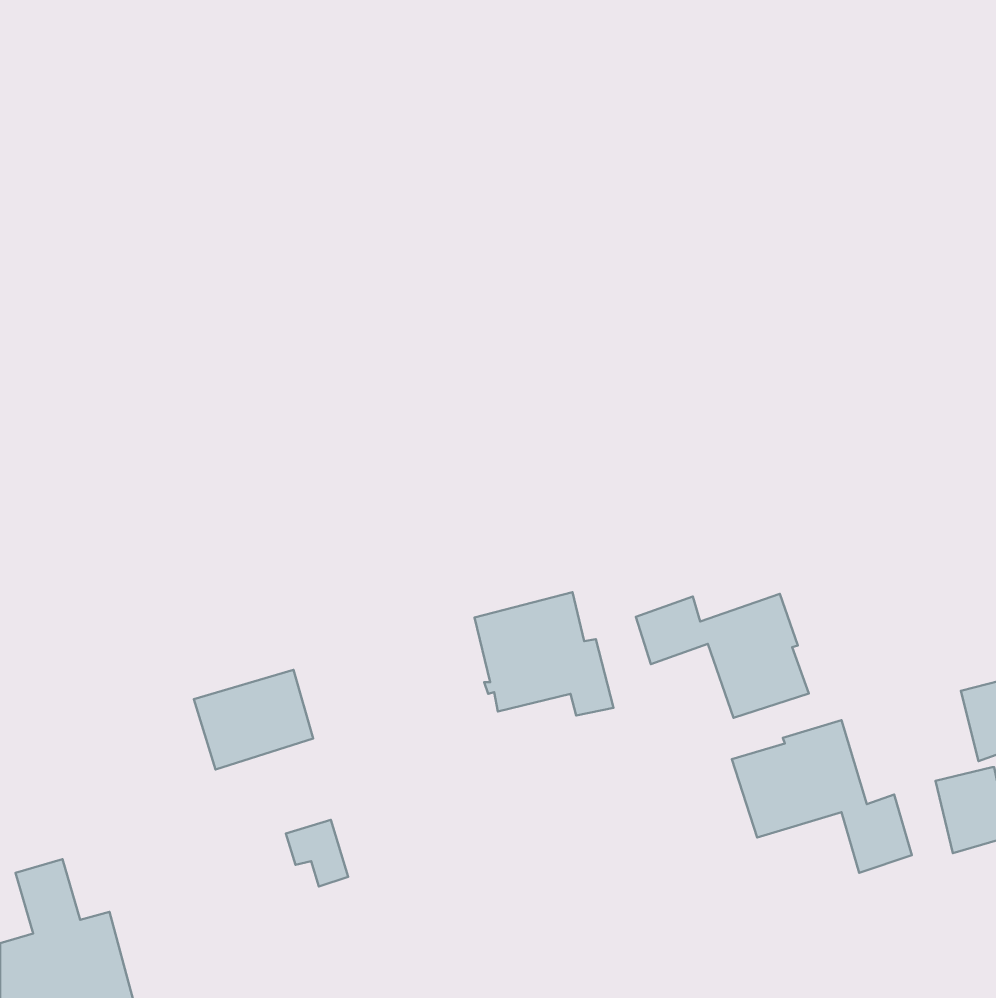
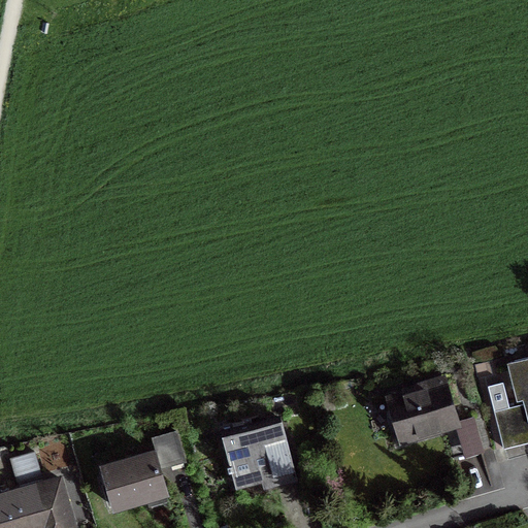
building: [475,592,613,715] -> [223,421,296,486]
building: [636,594,809,718] -> none
building: [194,670,313,770] -> [103,456,166,508]

